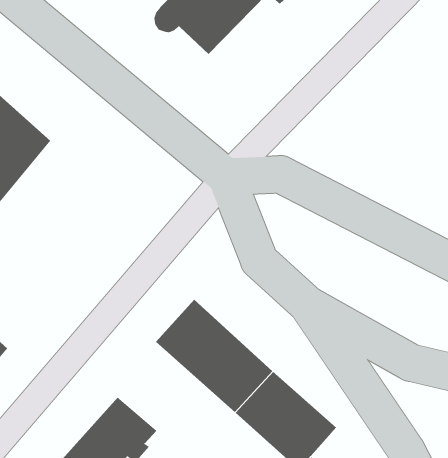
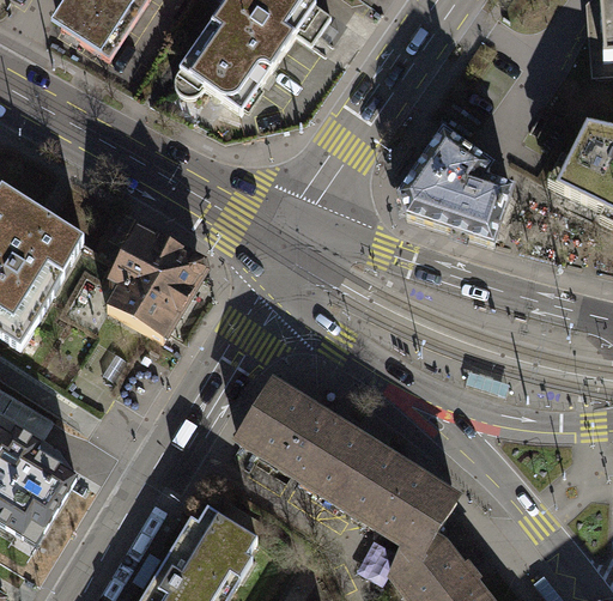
building: none -> [401,129,512,241]
building: none -> [109,224,207,335]

